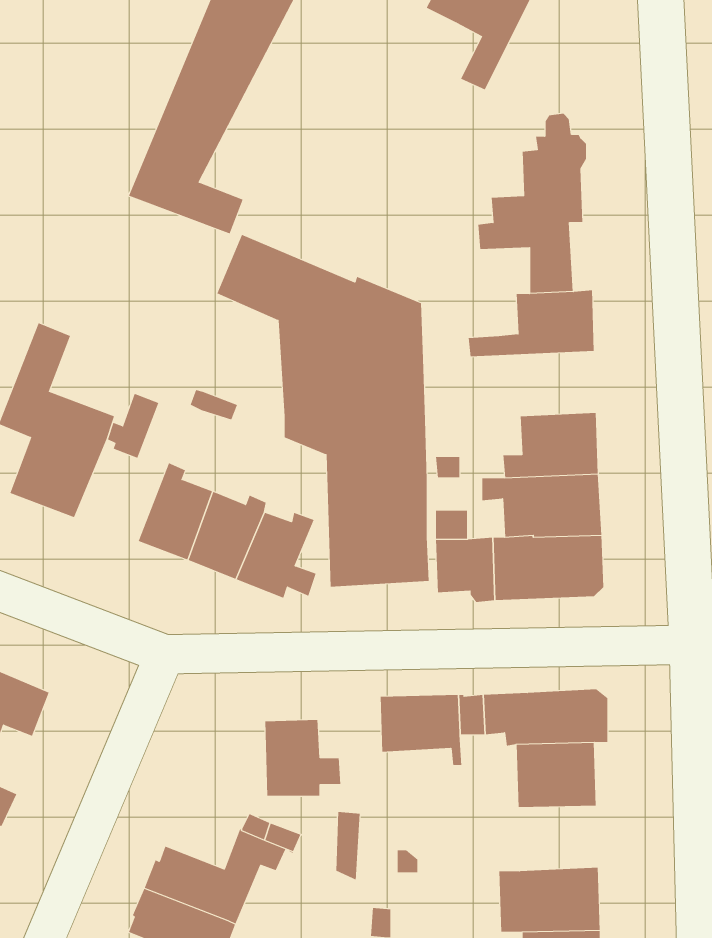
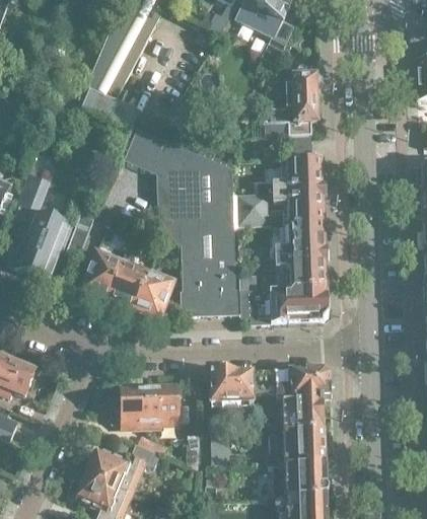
building: none -> [233,190,325,226]
building: none -> [111,385,150,426]
building: none -> [267,430,326,464]

